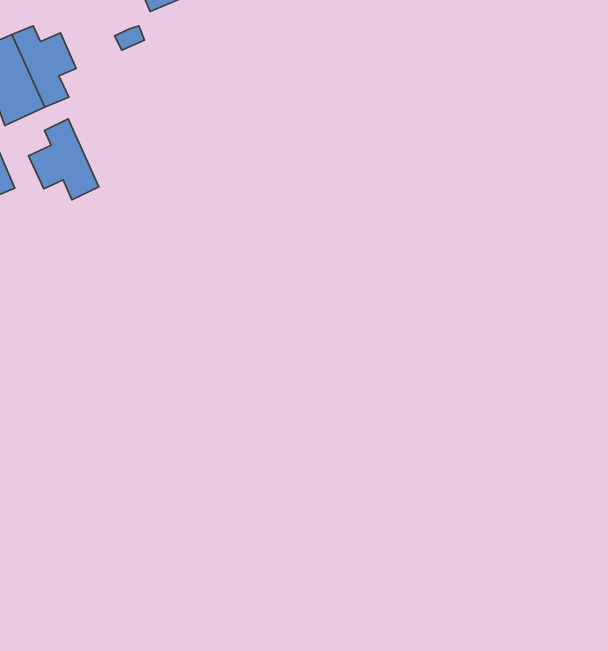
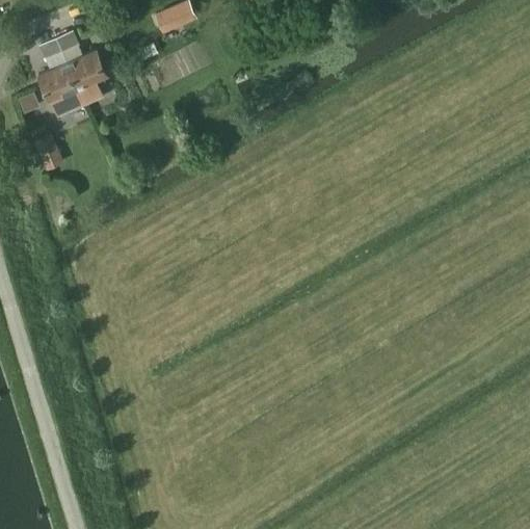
building: [28,119,99,200] -> none

